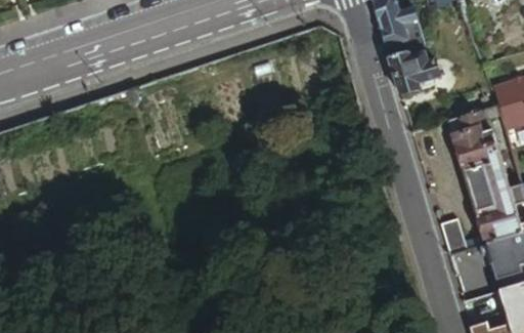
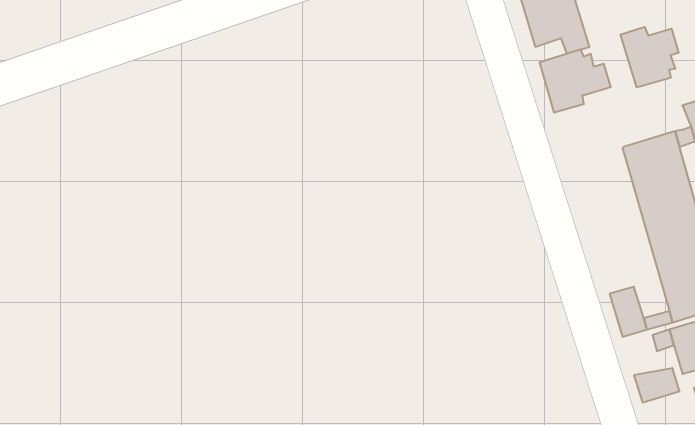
building: none -> [620,27,678,87]

